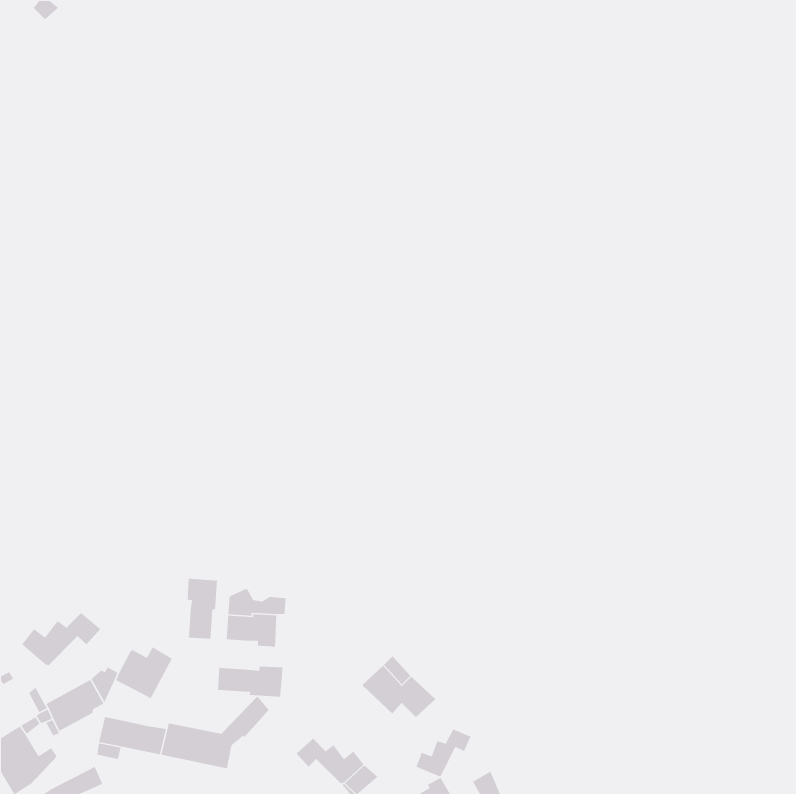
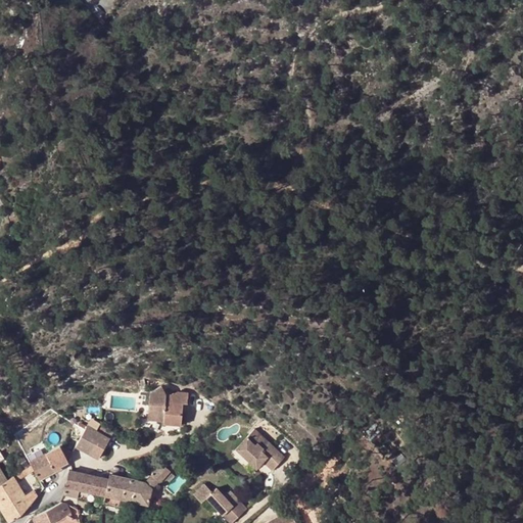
building: [187,578,218,640] -> none
building: [21,612,101,666] -> none
building: [217,666,283,697] -> none
building: [416,729,472,777] -> none

